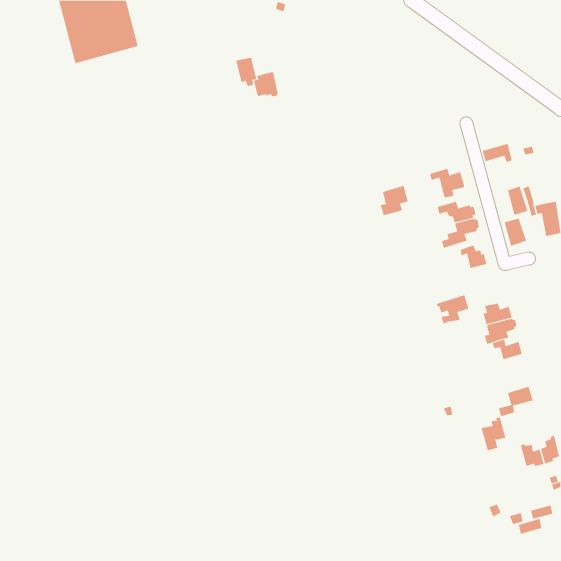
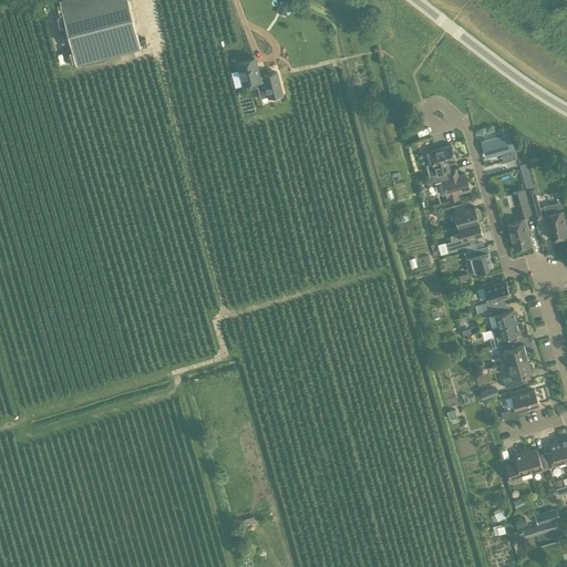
building: [380,185,408,216] -> [425,145,454,176]
building: [436,295,469,324] -> [475,281,508,311]
building: none -> [502,358,533,388]
building: [481,417,506,451] -> [504,450,529,484]

